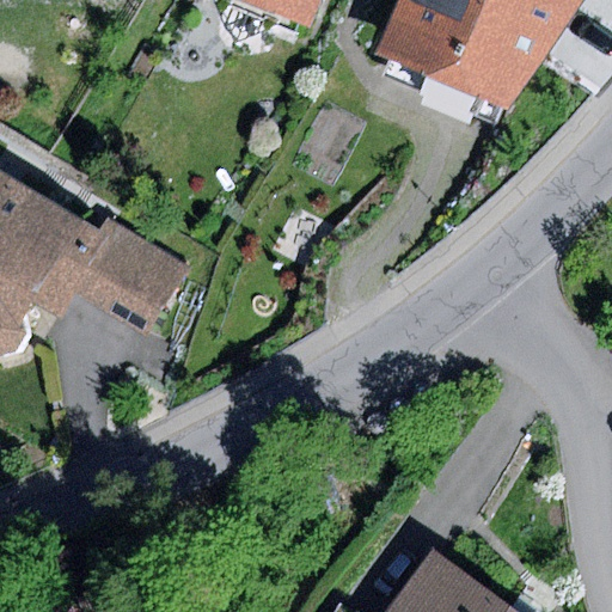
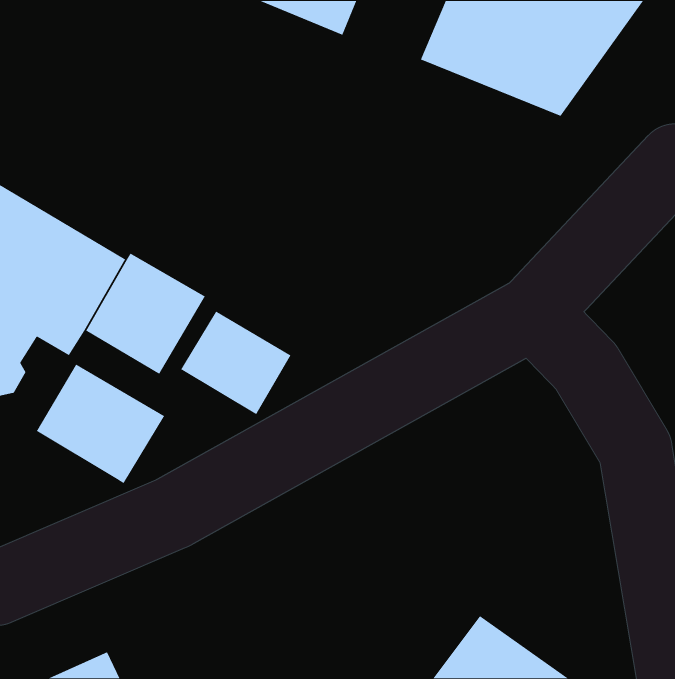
building: none -> [180,311,292,415]
building: none -> [36,363,165,484]

